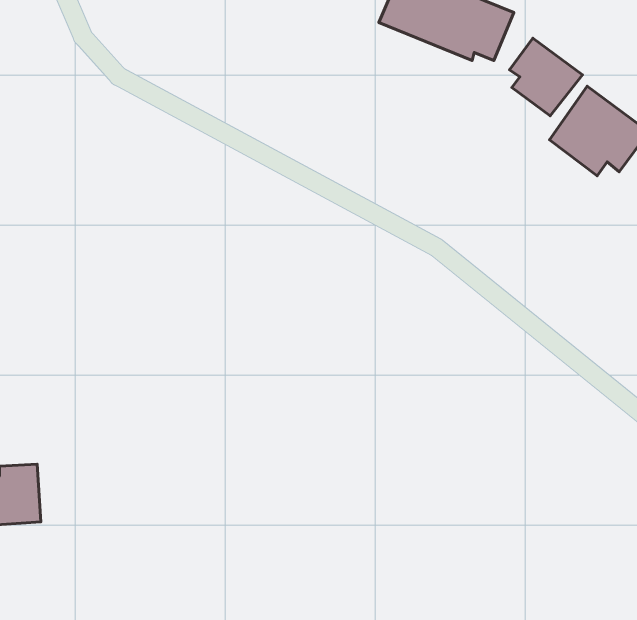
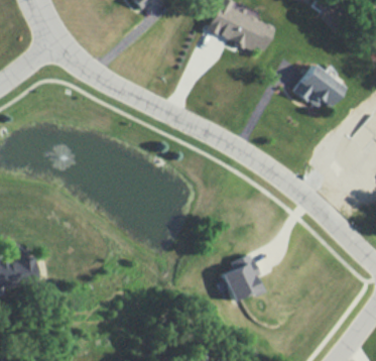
building: [510,38,582,116] -> none
building: none -> [223,253,267,302]

